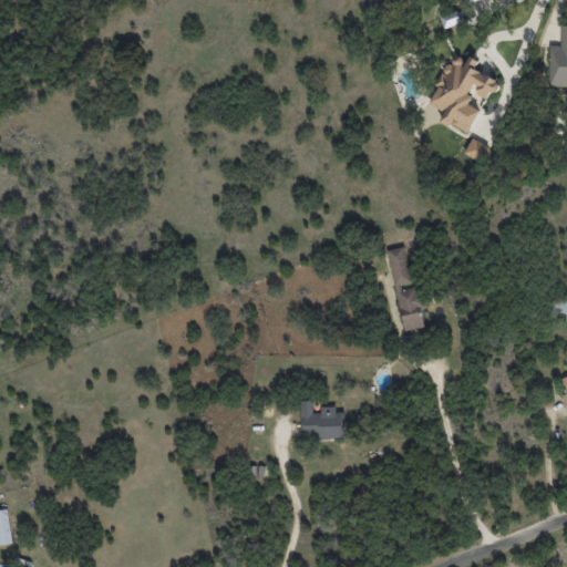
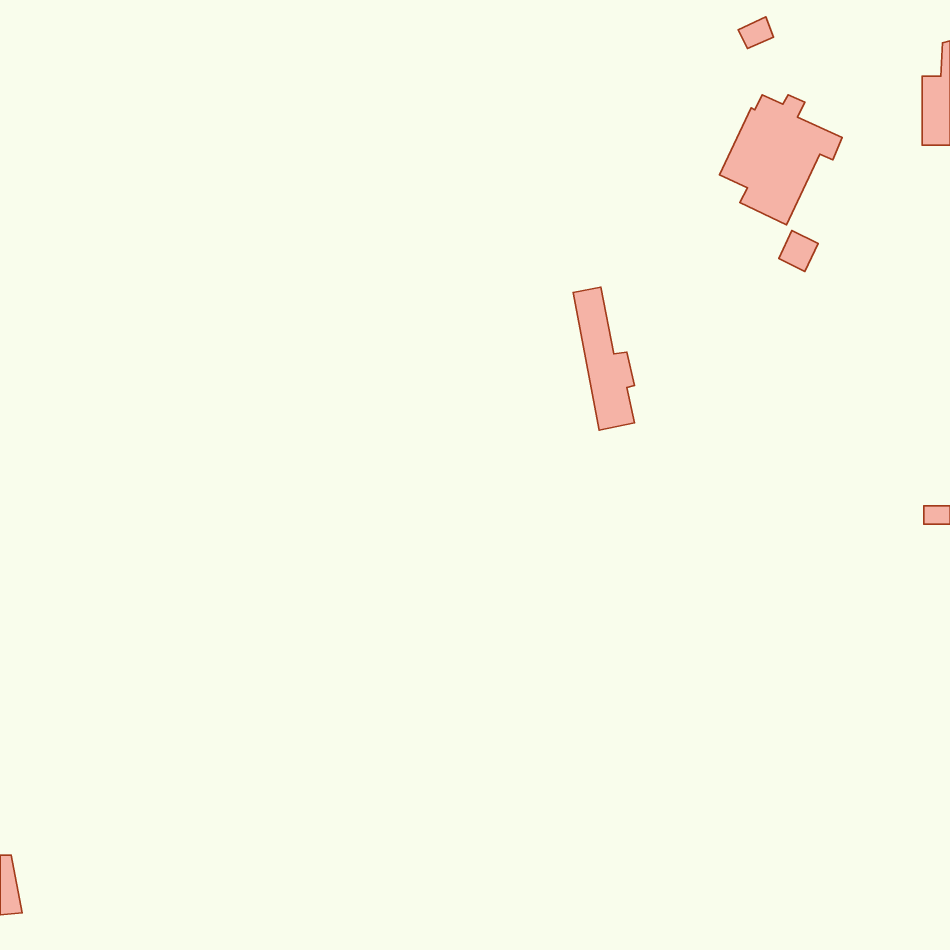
building: [388,246,424,331] -> [573,287,634,430]
building: [301,401,343,439] -> none

